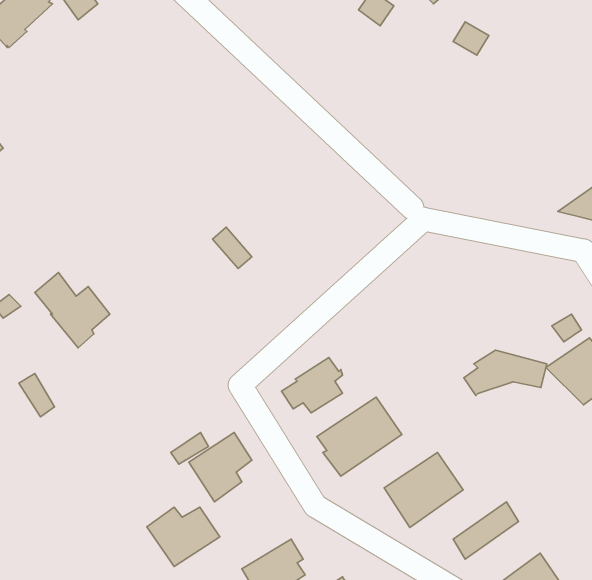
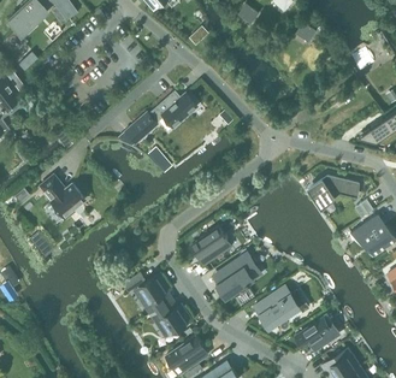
building: none -> [124,91,197,146]
building: [464,350,547,396] -> [309,175,360,202]
building: [147,507,220,566] -> [149,302,194,338]

